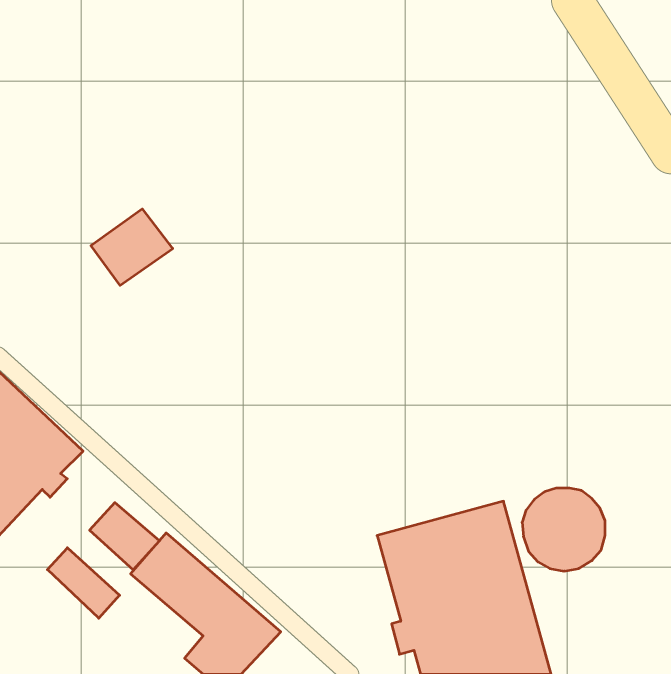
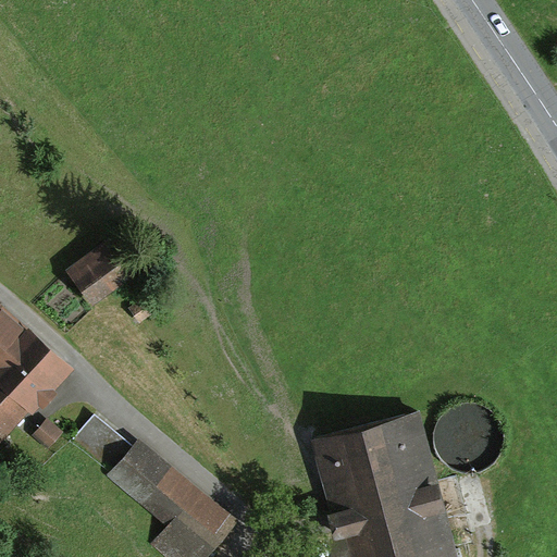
building: [91,209,173,285] -> [67,240,135,304]
building: [47,548,120,618] -> none

